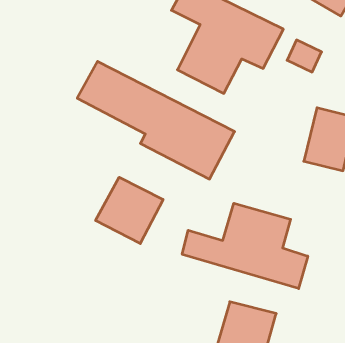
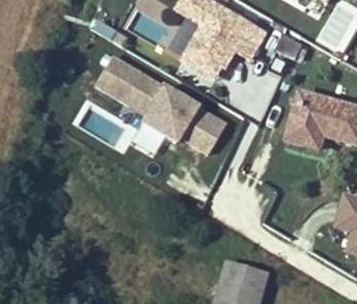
building: [96,177,163,244] -> none
building: [182,203,308,289] -> none

